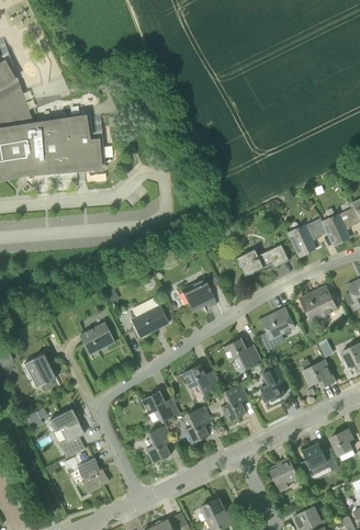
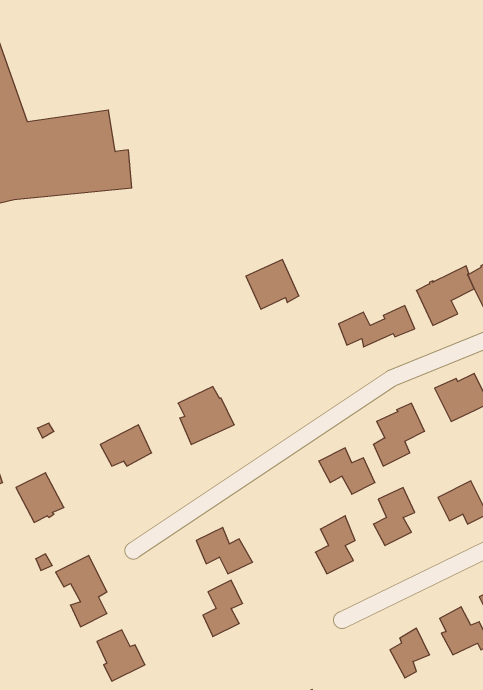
building: [181,279,216,312] -> [246,260,299,309]
building: [183,364,221,396] -> none
building: [184,406,212,444] -> none

